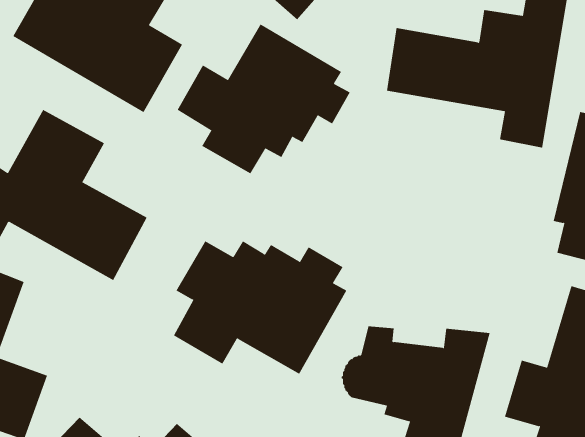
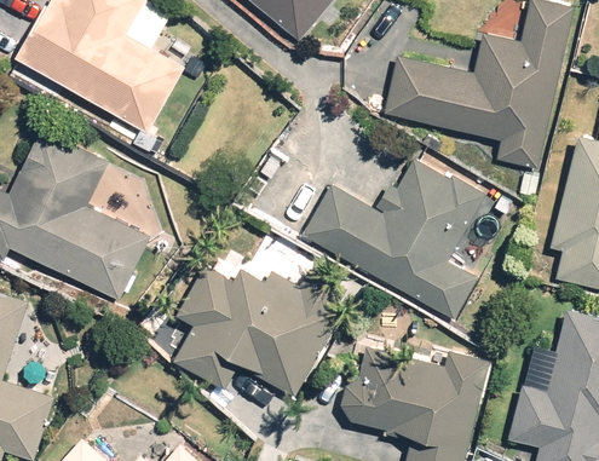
building: [177,23,351,174] -> none
building: none -> [304,154,485,323]

